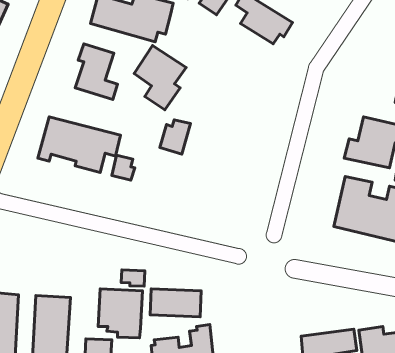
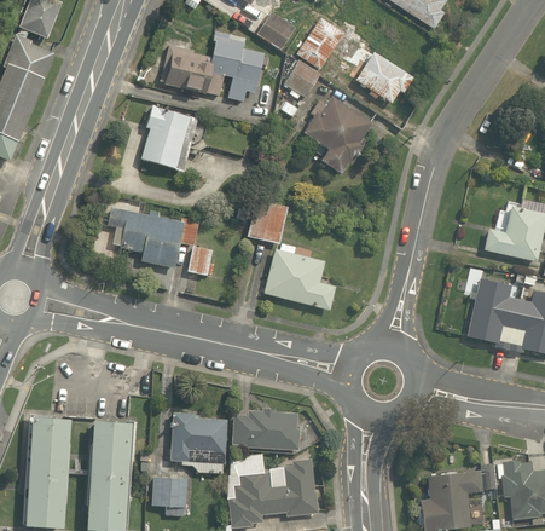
building: none -> [279,57,321,99]
building: [134,45,186,110] -> [306,96,371,177]
building: none -> [262,239,337,311]
building: [121,270,145,286] -> none

